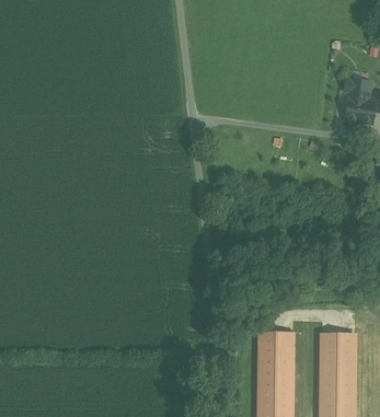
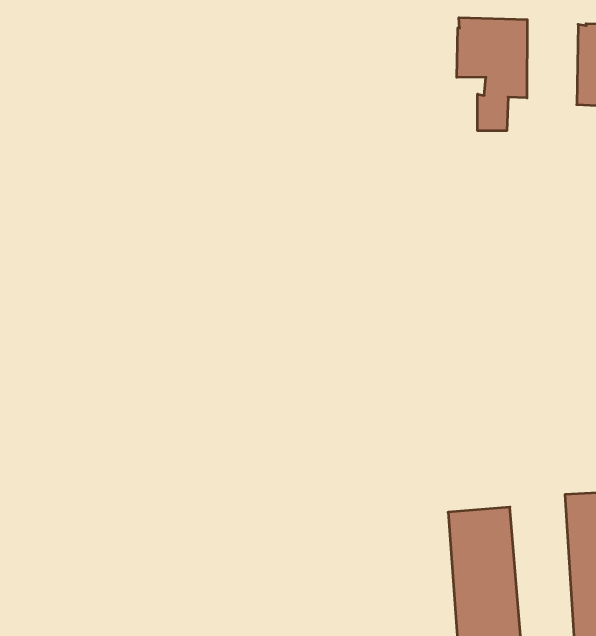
building: none -> [457,18,527,131]

